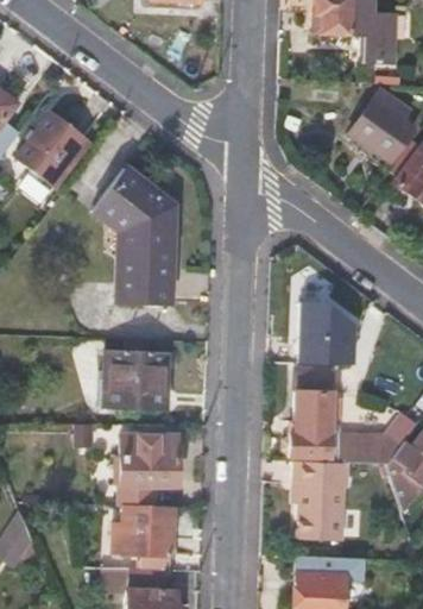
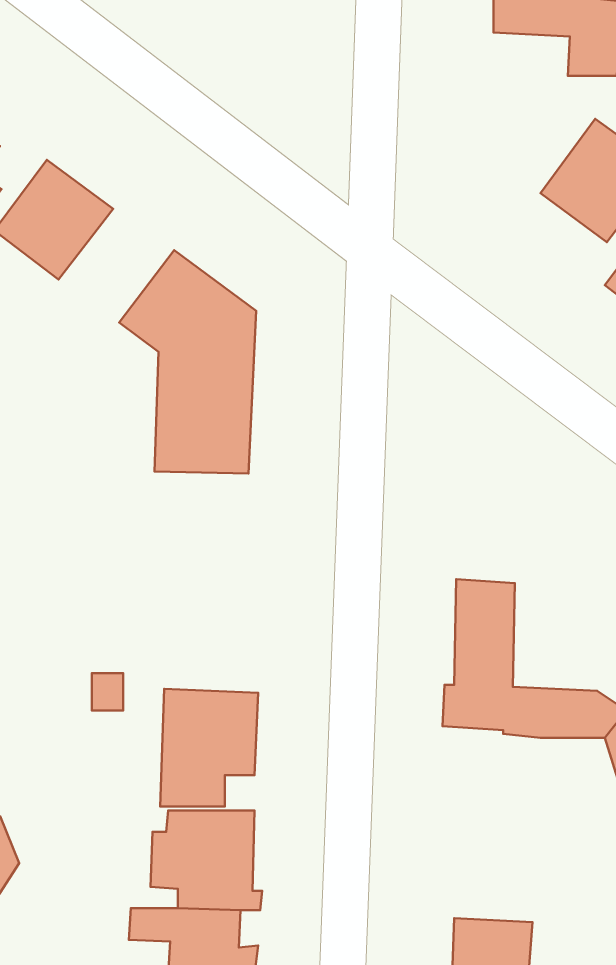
building: [299,300,354,363] -> none
building: [102,350,170,408] -> none
building: [293,459,349,538] -> none

